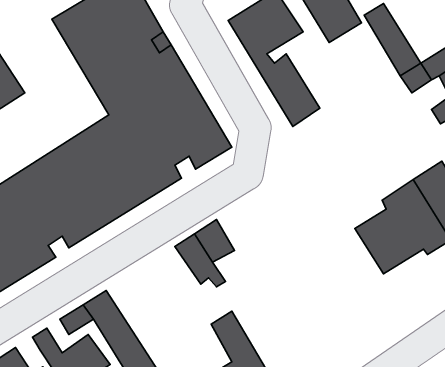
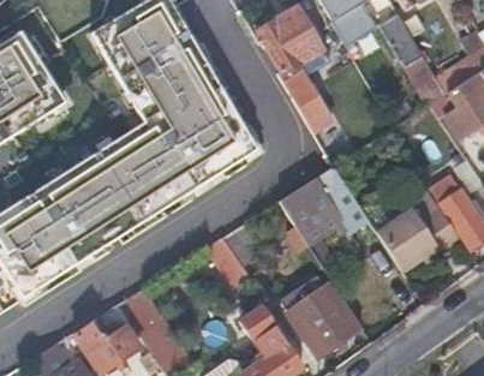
building: none -> [280,165,364,262]
building: none -> [282,274,359,351]

